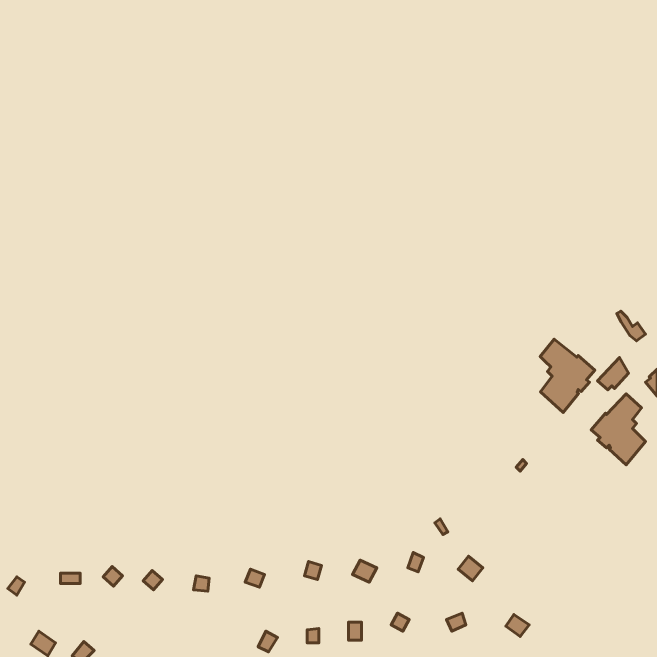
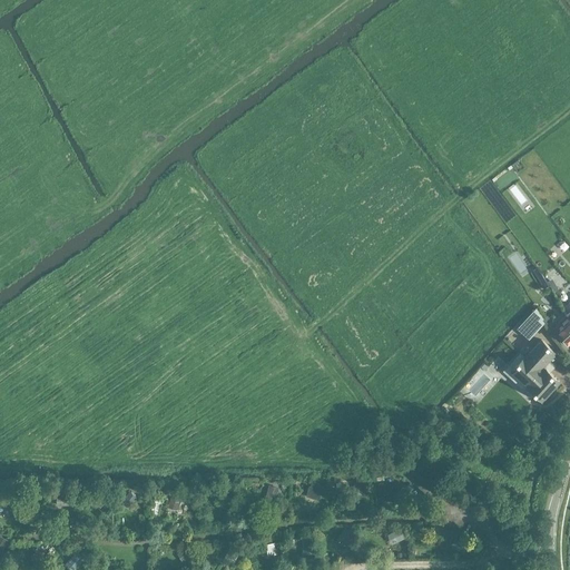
building: [540,339,595,412] -> none

